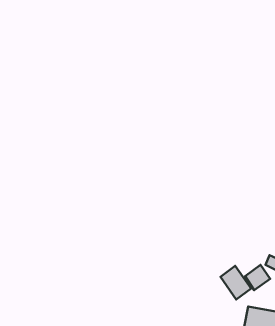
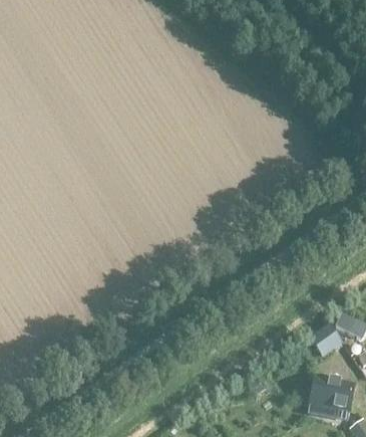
building: [220,266,251,299] -> none

